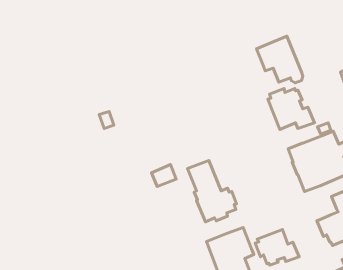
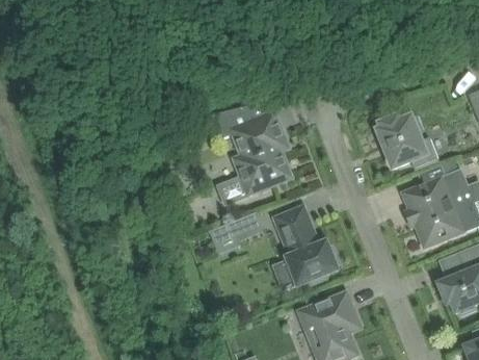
building: [256,36,303,83] -> none
building: none -> [212,110,290,203]
building: [255,230,299,265] -> none

